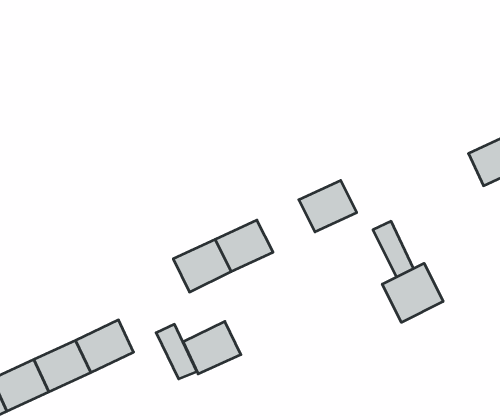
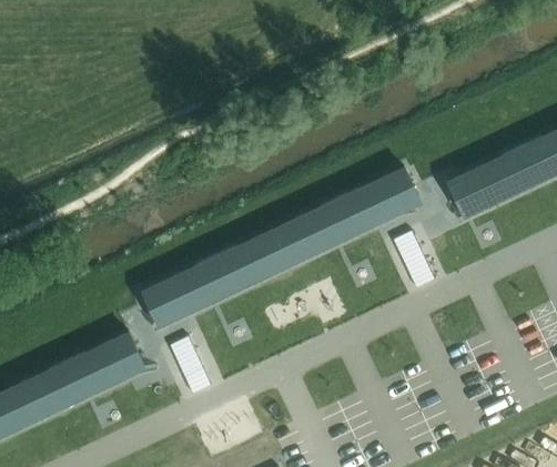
building: none -> [447,163,506,217]
building: none -> [358,170,418,224]
building: none -> [272,211,332,265]
building: [382,263,443,322] -> none
building: [183,321,241,374] -> [142,272,202,326]

